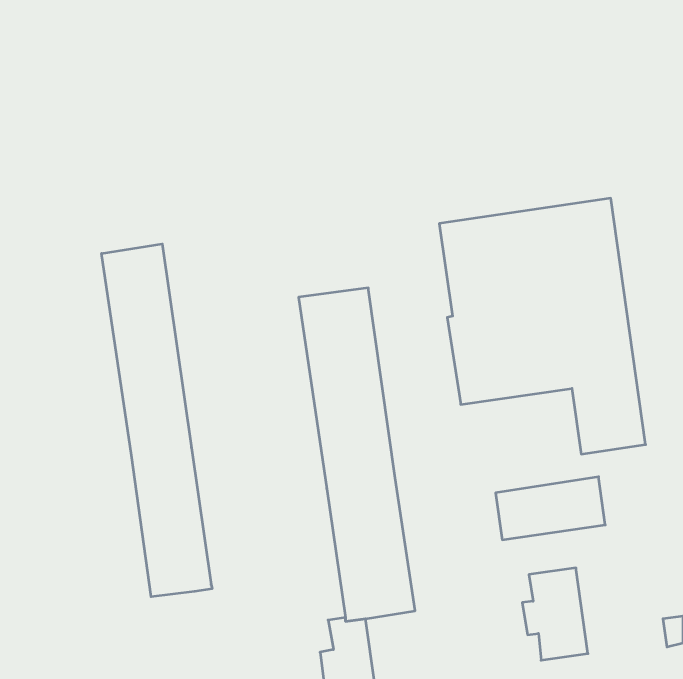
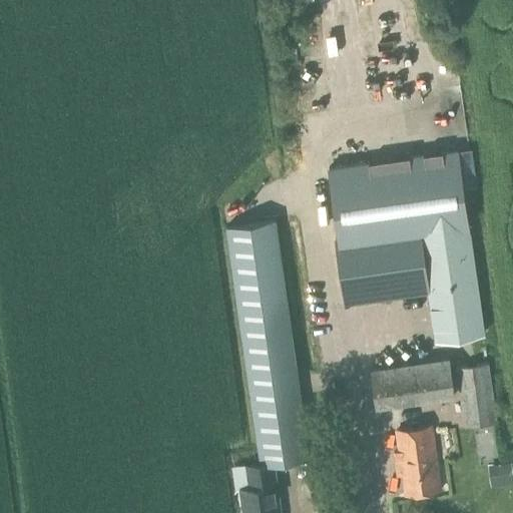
building: [102,244,212,597] -> none
building: none -> [456,366,497,430]

